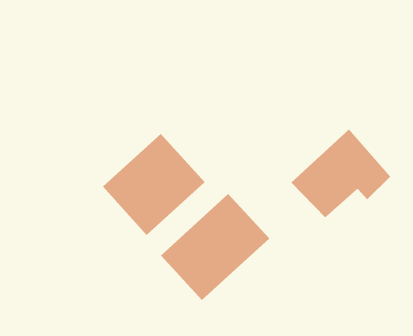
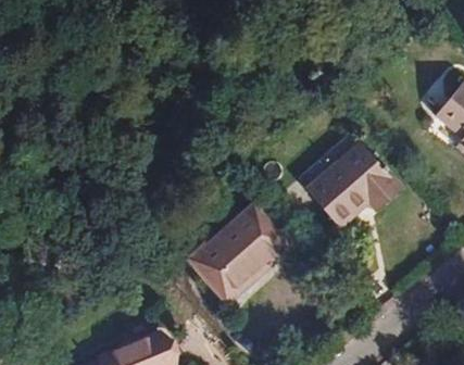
building: [102,133,205,236] -> none

